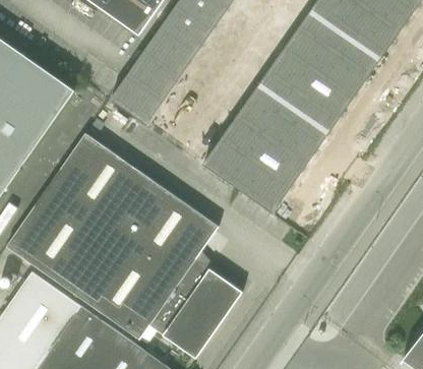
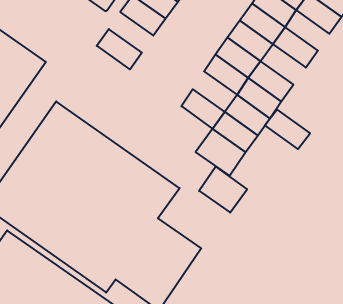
building: [333,35,380,78] -> none
building: [142,37,190,80] -> none
building: [306,72,355,115] -> [265,110,310,149]
building: [111,73,165,124] -> none
building: [233,102,281,144] -> none
building: [202,138,254,188] -> [199,166,247,213]

